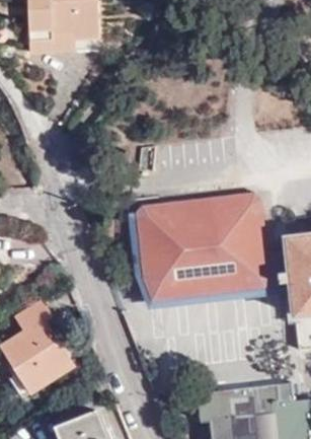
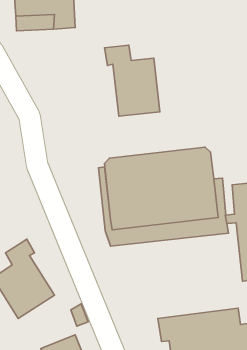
building: none -> [104,45,160,116]

